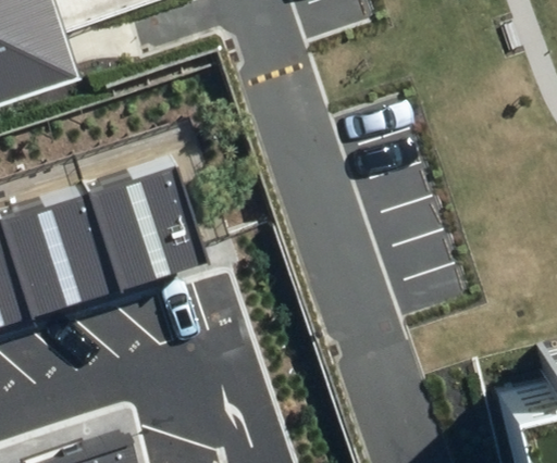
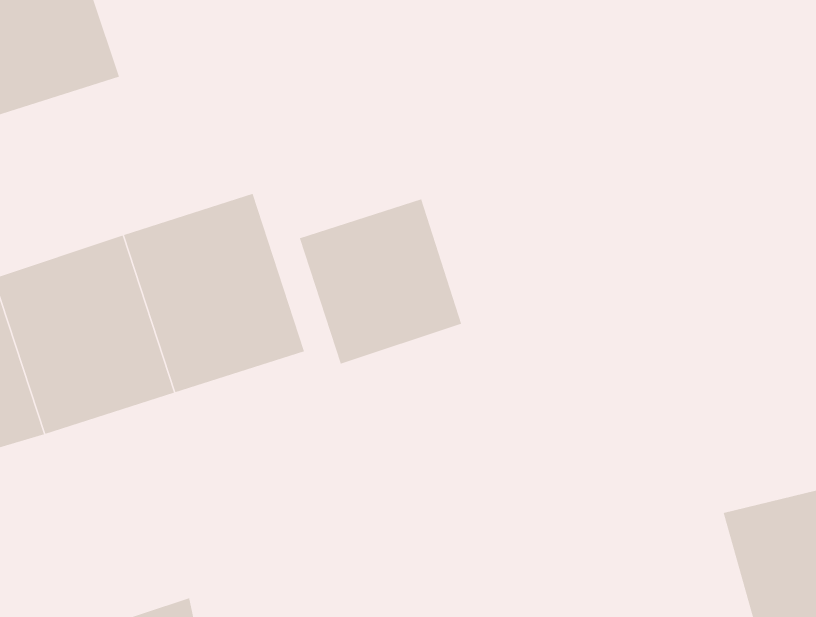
building: none -> [299,199,462,364]

